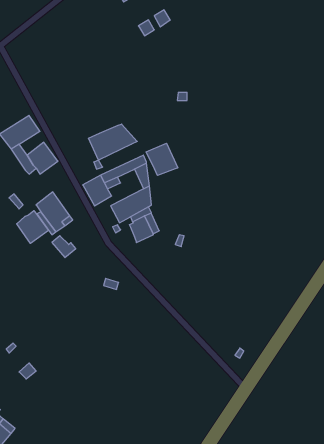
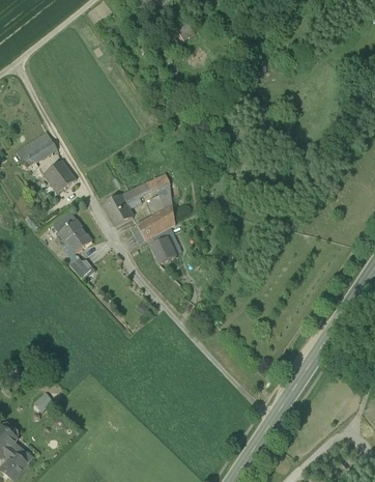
building: [88,124,137,160] -> none
building: [146,143,178,175] -> none
building: [17,211,48,243] -> none

